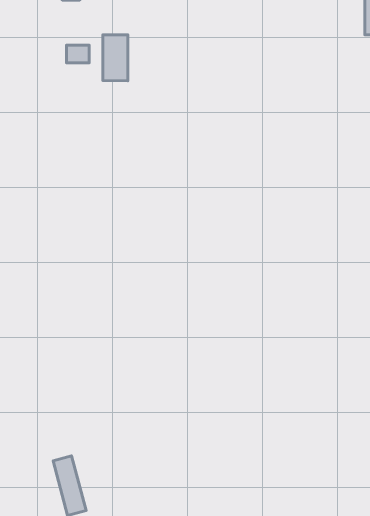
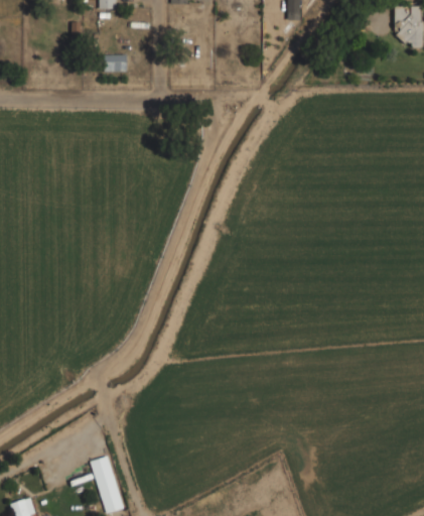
building: [103,35,128,81] -> none

